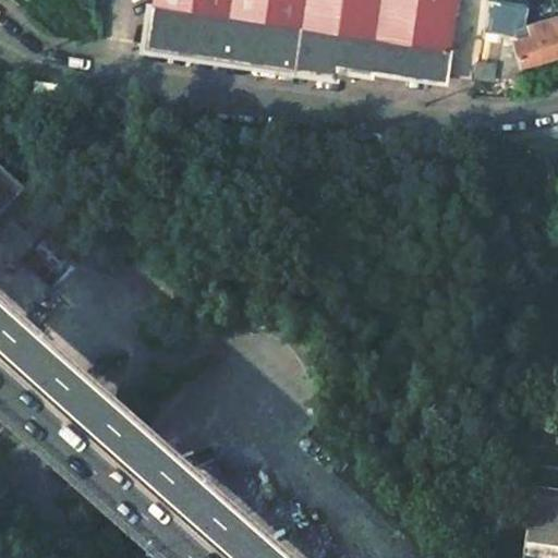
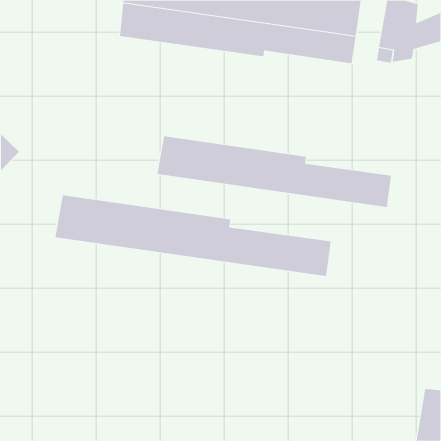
building: none -> [157,135,391,208]
building: none -> [55,194,331,277]

